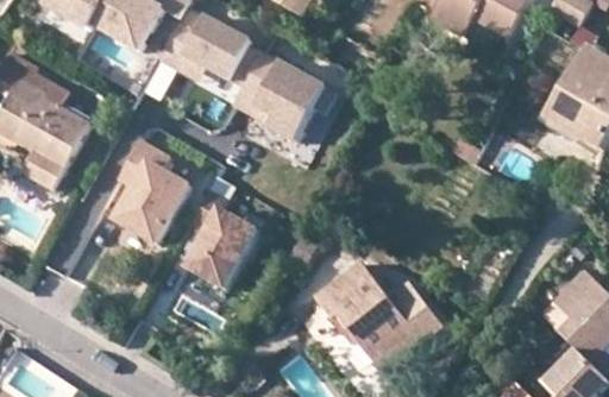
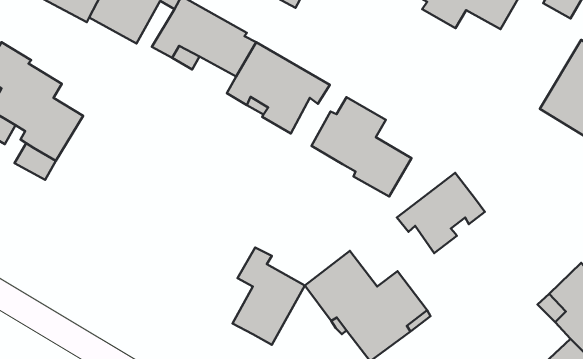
building: none -> [312,97,412,196]
building: [117,137,192,240] -> none
building: none -> [397,173,485,253]
building: [187,188,259,285] -> [233,247,305,345]

